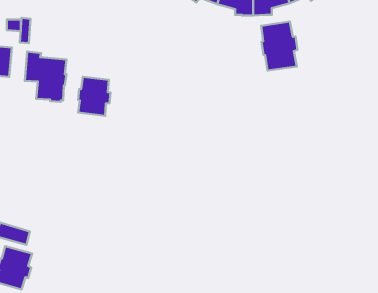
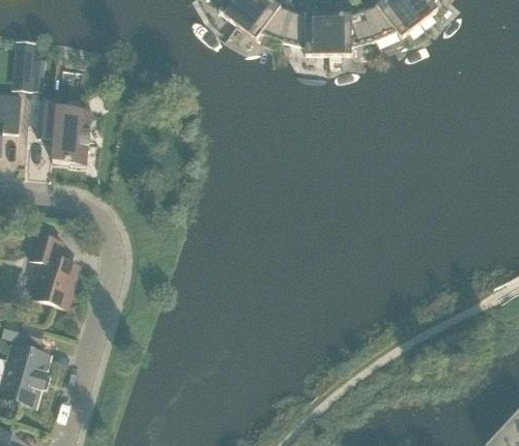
building: [261,22,298,71] -> none
building: [78,77,110,116] -> none
building: none -> [29,233,78,306]

